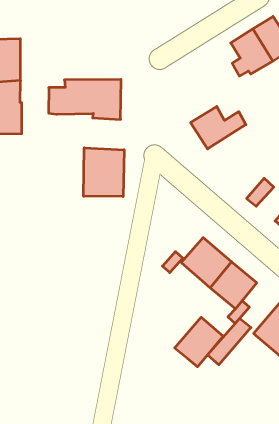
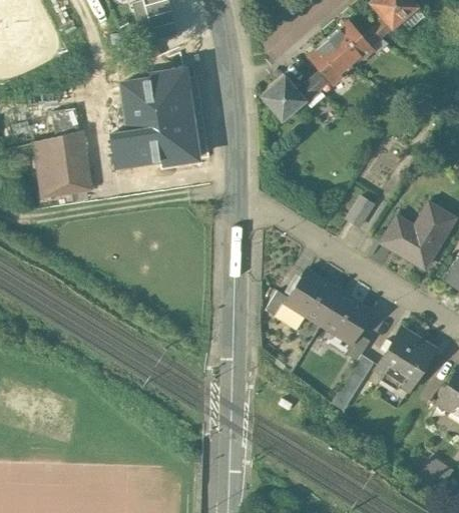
building: none -> [105,70,190,123]
building: [191,106,246,149] -> [259,75,320,123]
building: [84,148,124,197] -> none
building: [175,317,223,367] -> none

